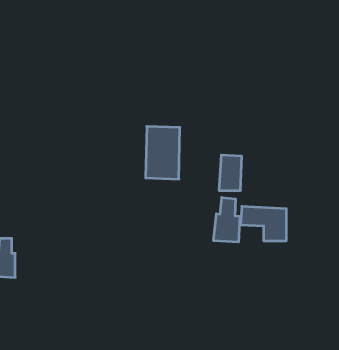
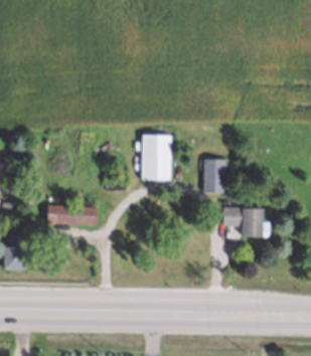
building: [214,197,240,242] -> none
building: none -> [47,205,97,224]

